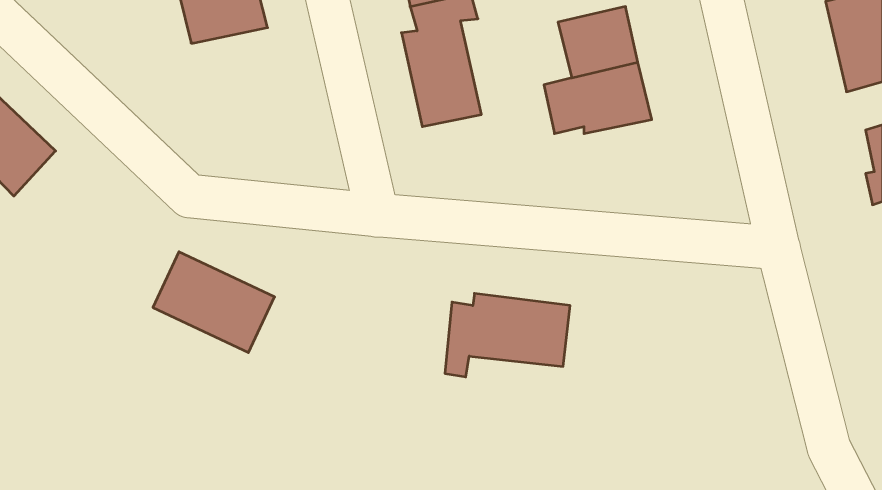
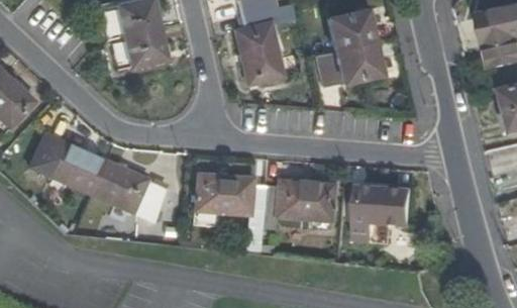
building: none -> [115,26,165,67]
building: none -> [31,127,107,189]
building: none -> [195,173,266,227]
building: none -> [353,190,415,246]

